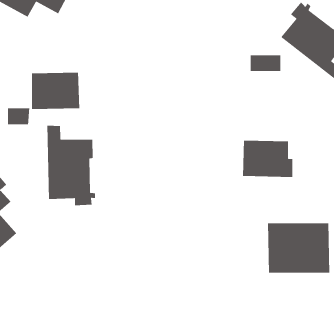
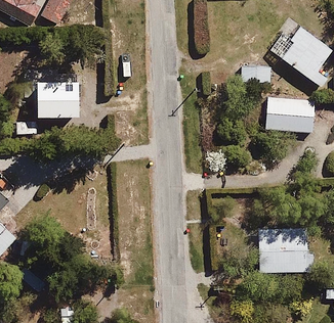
building: [47,125,96,206] -> none
building: [242,140,293,178] -> [264,96,312,132]

